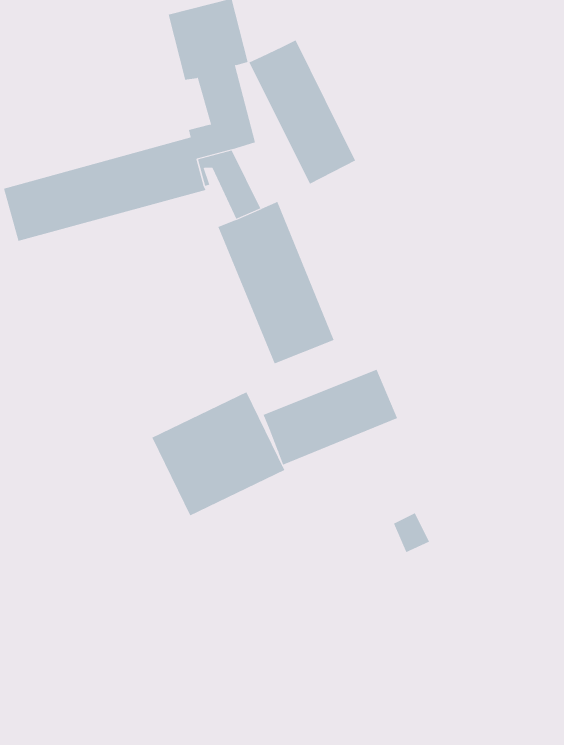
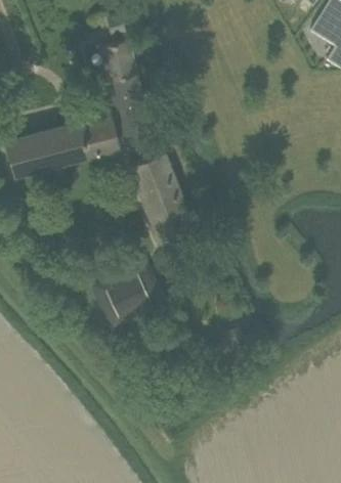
building: [249,39,356,185] -> none
building: [263,369,398,466] -> none

